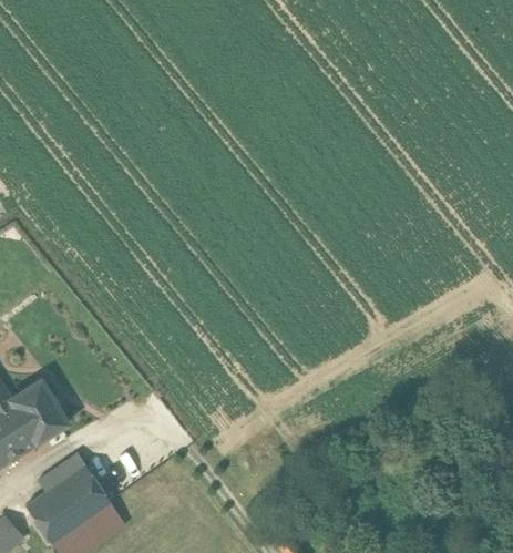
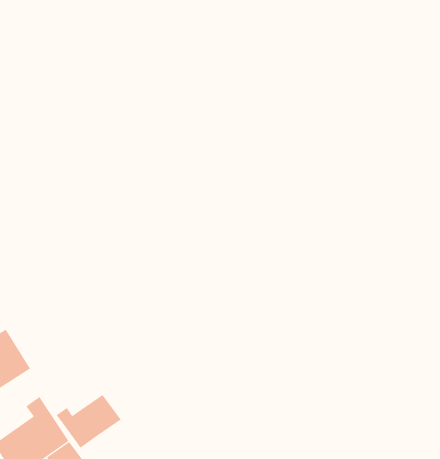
building: none -> [56,394,122,448]

